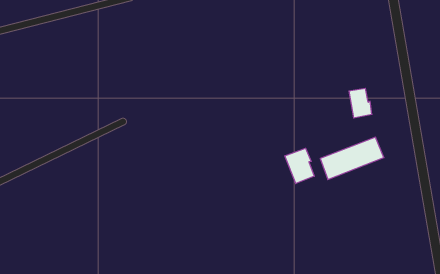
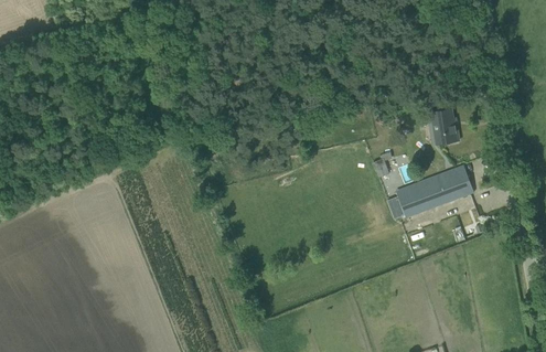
building: [285,148,314,184] -> none

